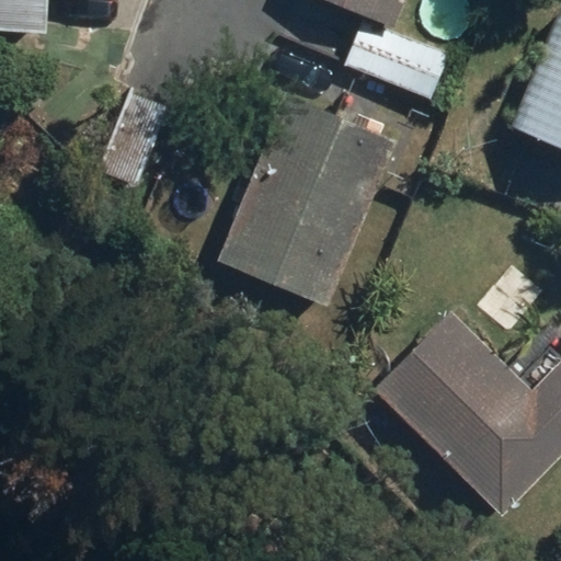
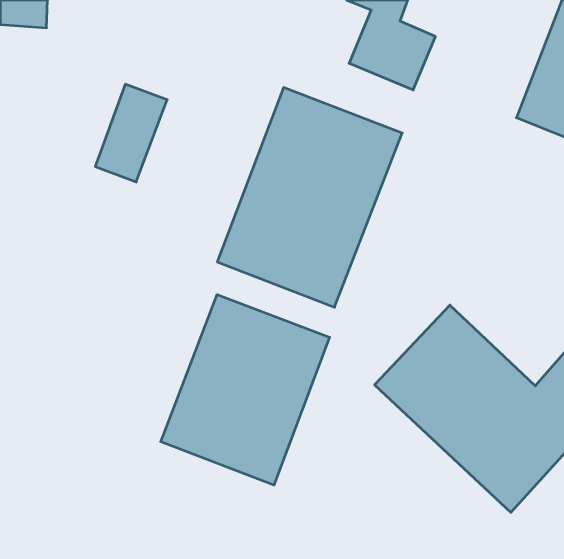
building: none -> [161,295,330,485]

